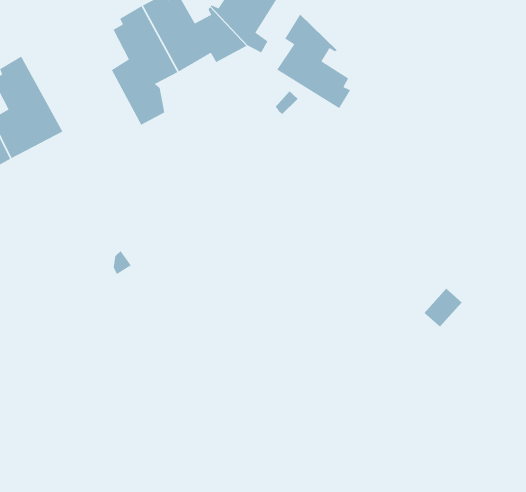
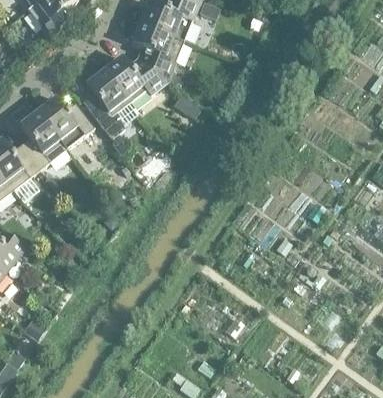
building: [276,14,351,109] -> none
building: none -> [35,97,94,148]

